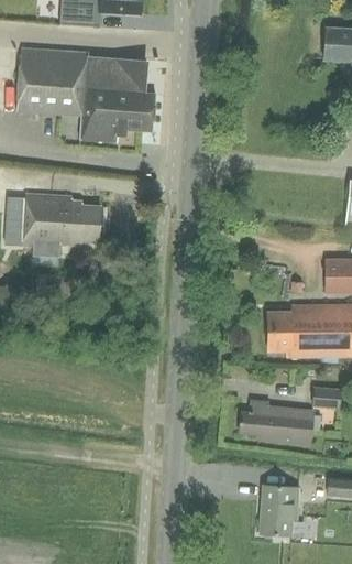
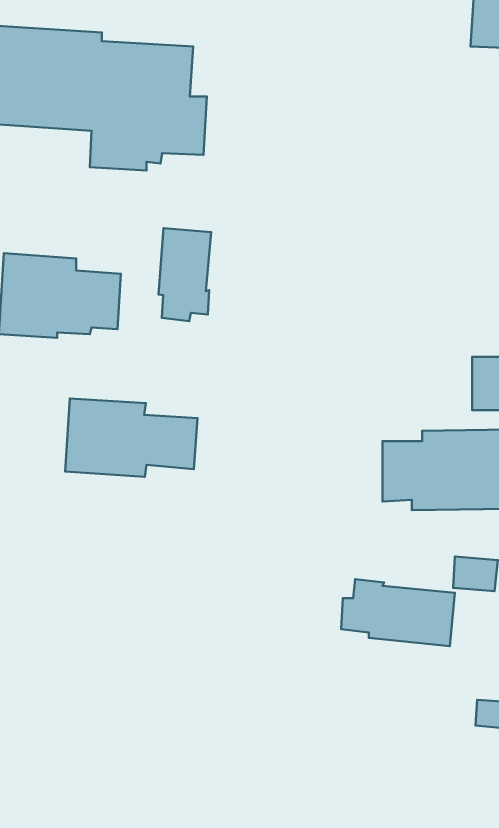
building: none -> [159,228,211,321]
building: none -> [65,398,198,477]
building: [260,485,298,536] -> none

